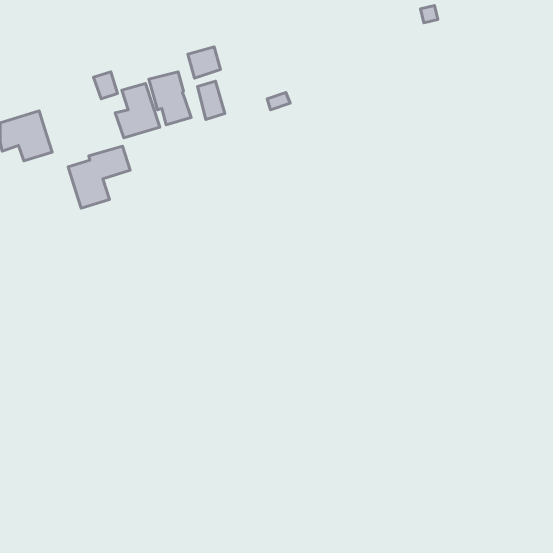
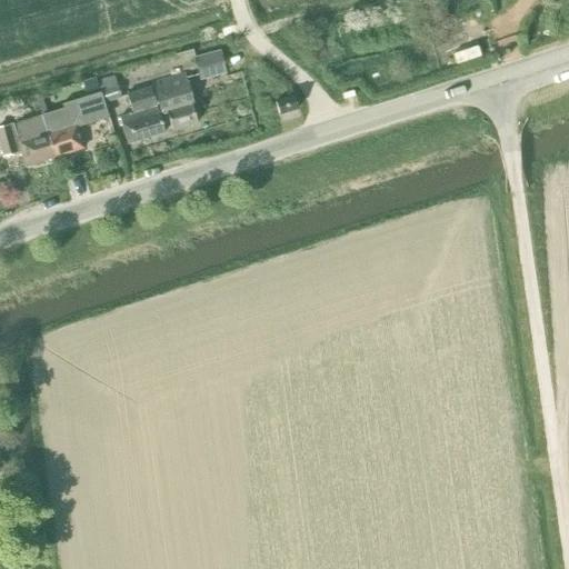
building: [197,81,225,119] -> none
building: [68,146,130,208] -> [42,92,106,156]

